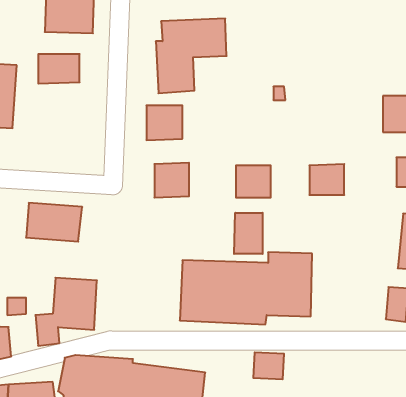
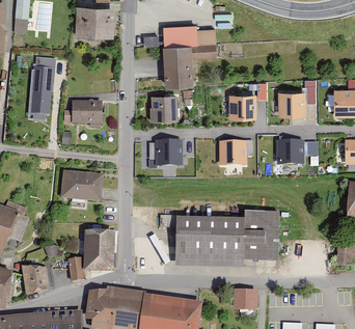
building: [38,54,80,84] -> [69,101,101,124]
building: none -> [279,91,307,114]
building: none -> [229,93,257,117]
building: [234,213,263,254] -> none

